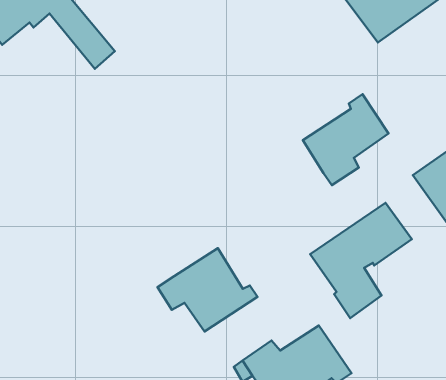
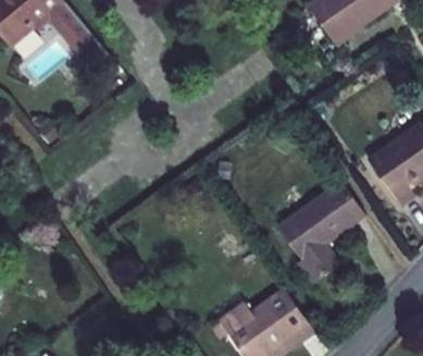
building: [303,94,388,185] -> none
building: [158,248,257,332] -> none

